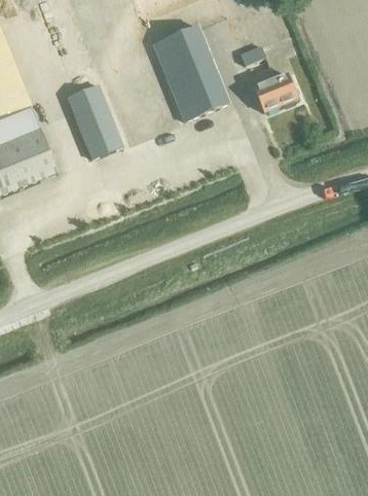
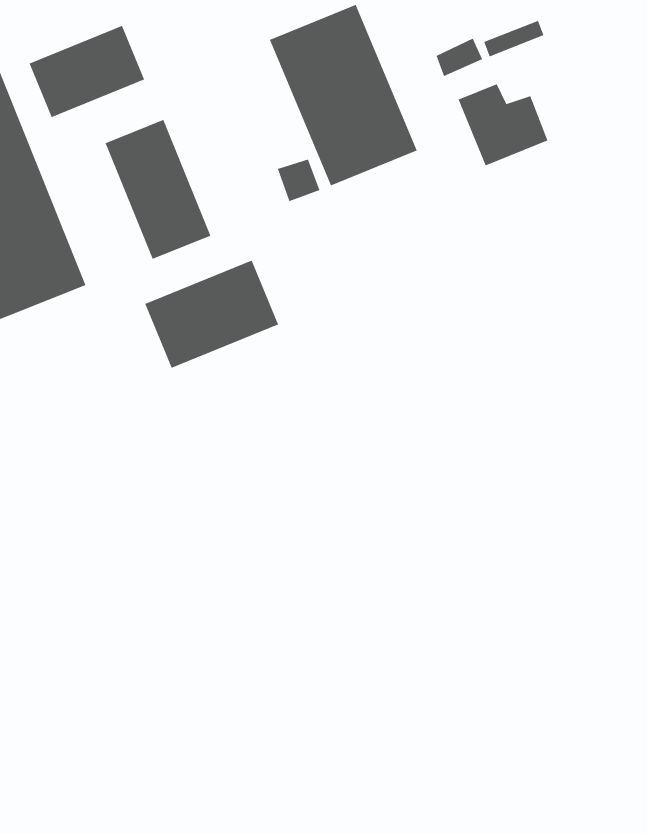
building: none -> [28,25,145,118]
building: none -> [144,260,279,369]

